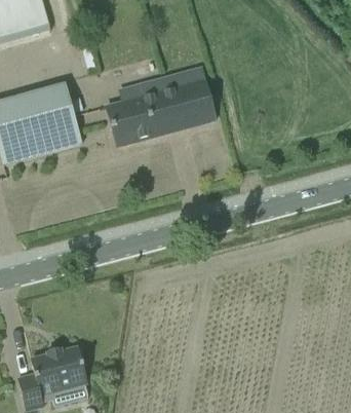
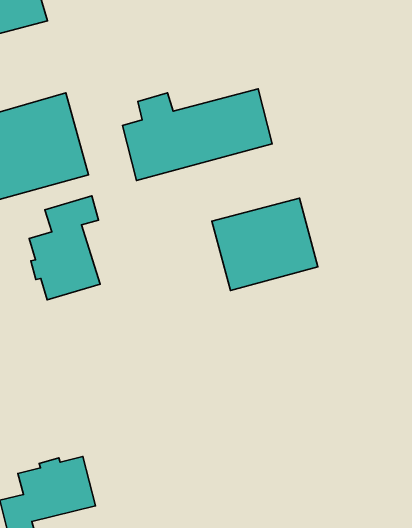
building: none -> [29,196,100,300]
building: none -> [212,198,318,291]

